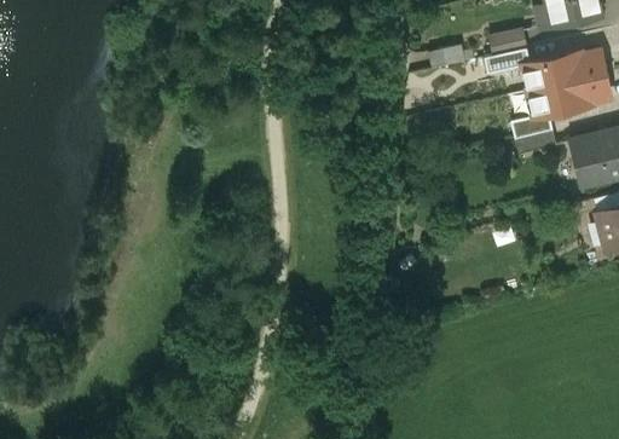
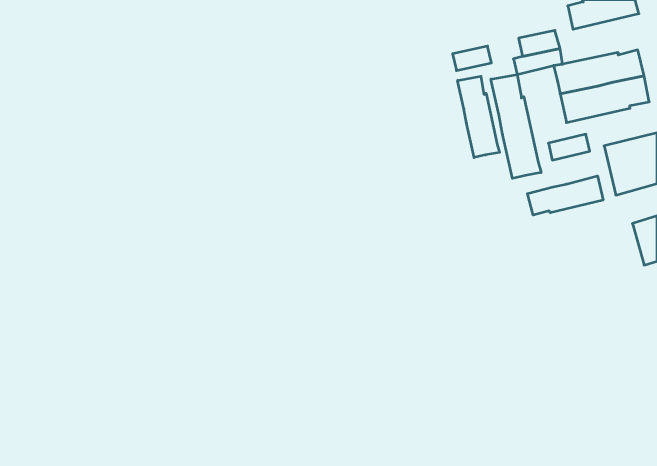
building: none -> [491,75,541,178]
building: none -> [458,76,500,158]
building: none -> [527,176,603,215]

